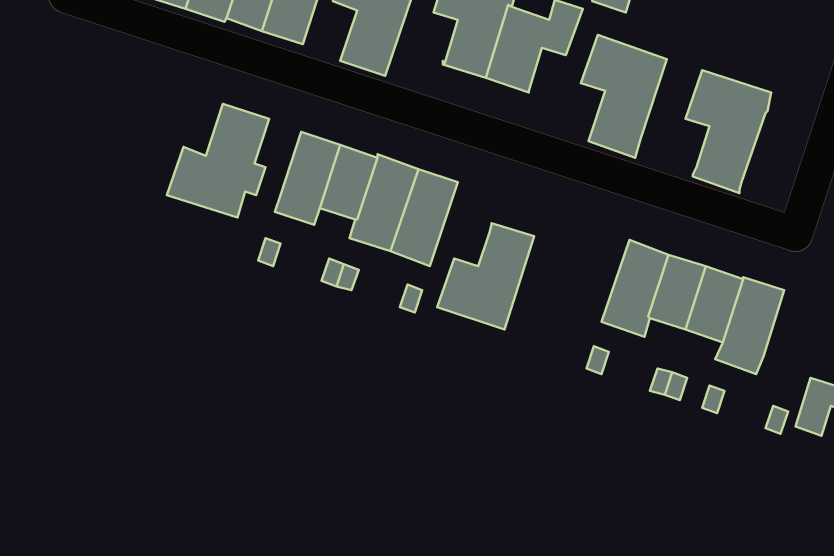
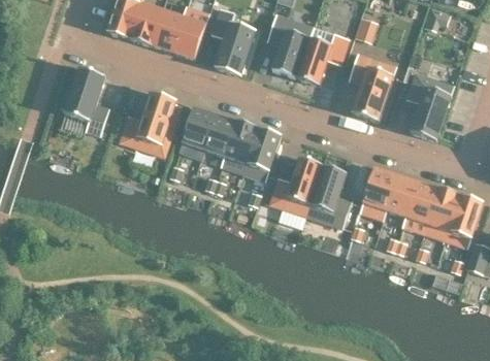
building: none -> [61,68,109,135]
building: none -> [306,164,352,228]
building: none -> [446,194,483,247]

